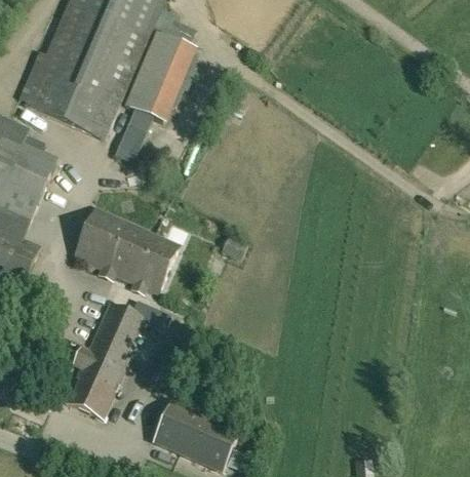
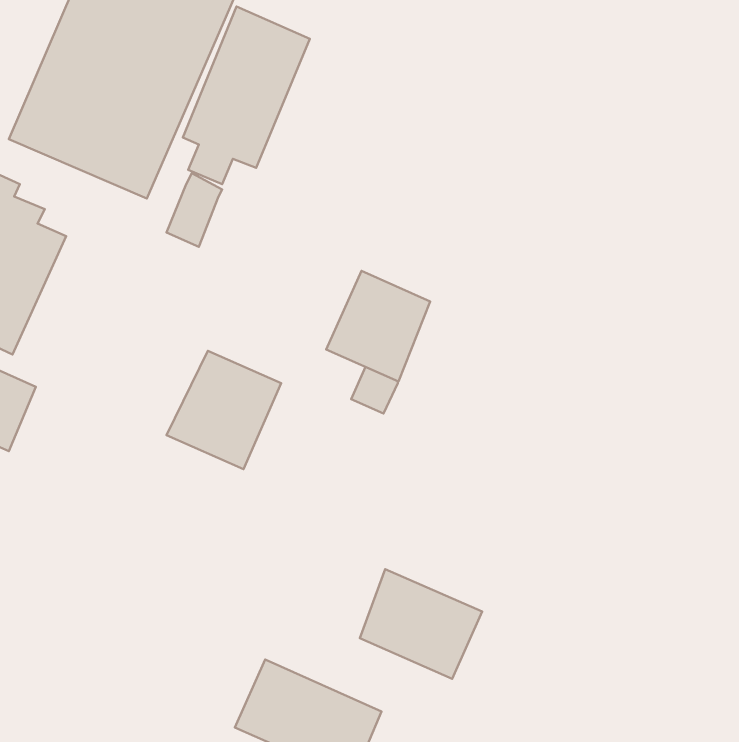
building: none -> [326,271,430,382]
building: [73,206,138,274] -> none
building: [64,302,168,418] -> none
building: none -> [360,569,482,679]

